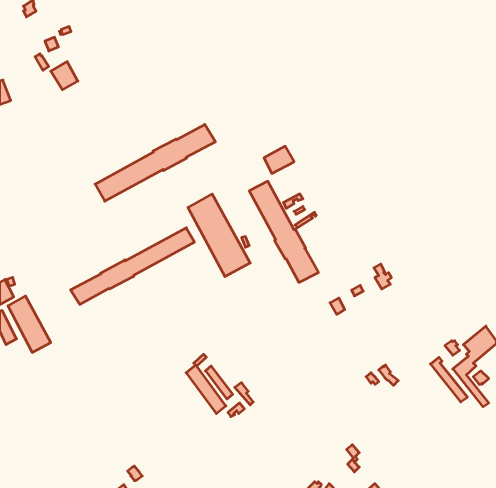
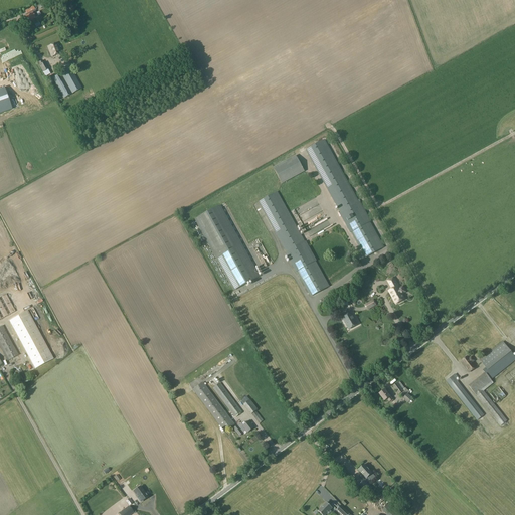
building: [95,124,215,201] -> none
building: none -> [306,138,384,256]
building: [71,228,194,304] -> none

